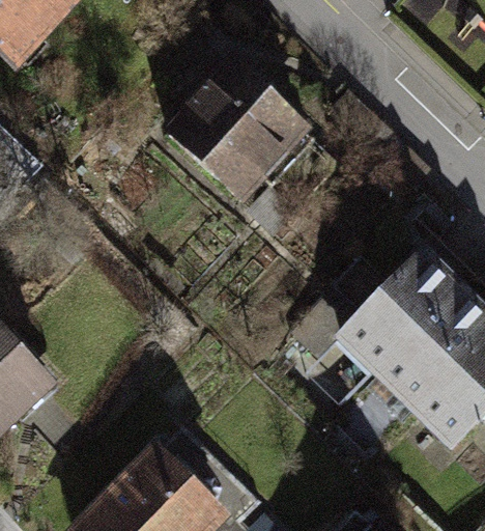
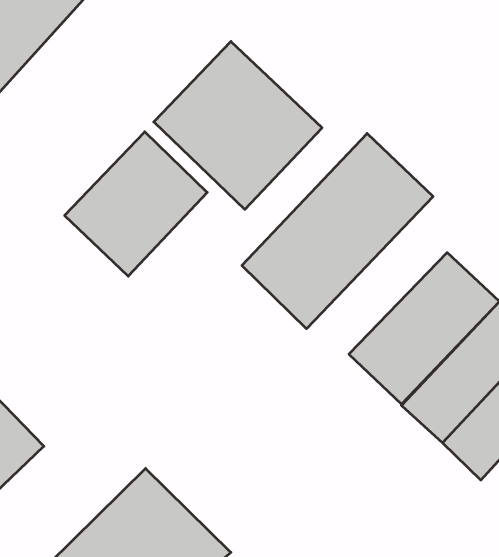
building: none -> [65,132,207,276]
building: none -> [242,133,433,329]

